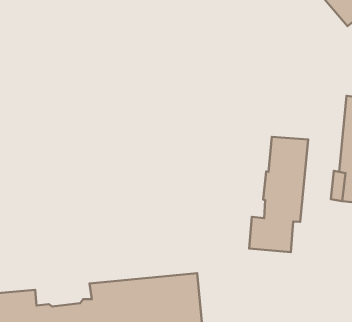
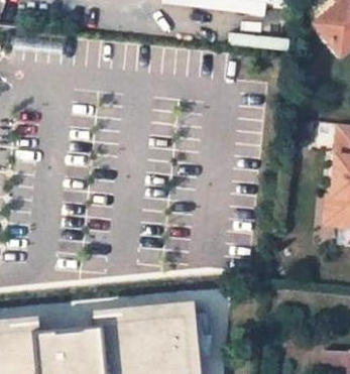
building: [249,137,308,252] -> none

